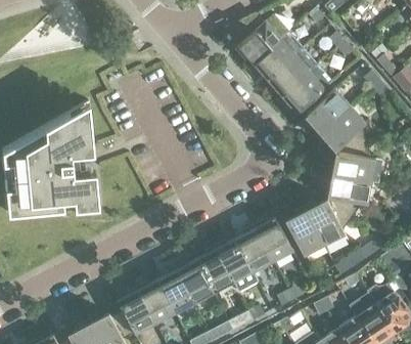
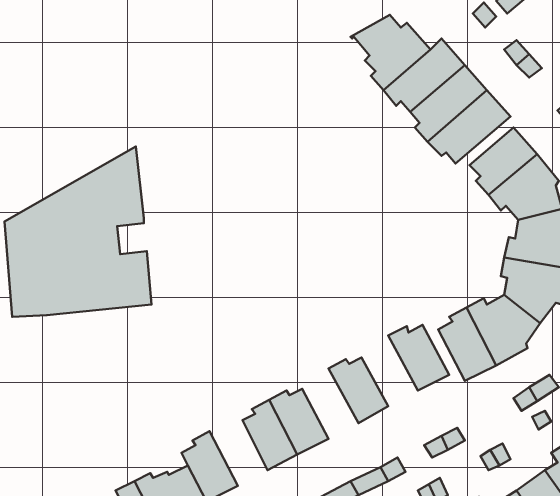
building: [237,226,274,272] -> none
building: [198,248,235,294] -> none
building: [138,282,176,325] -> none

